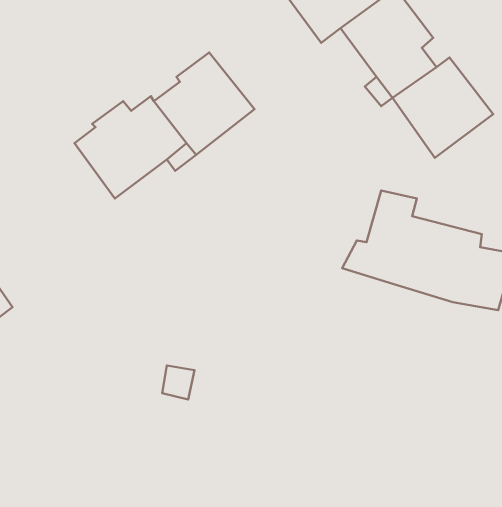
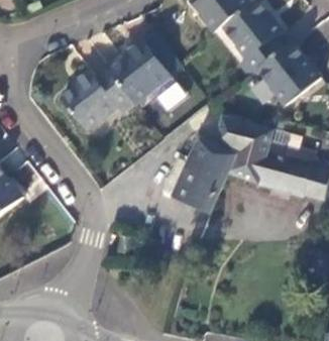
building: none -> [158,116,249,212]

